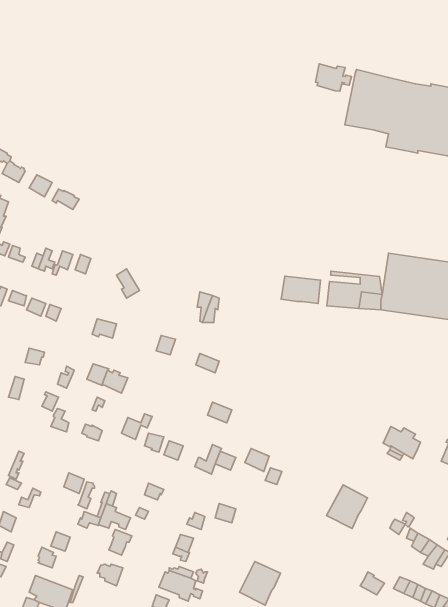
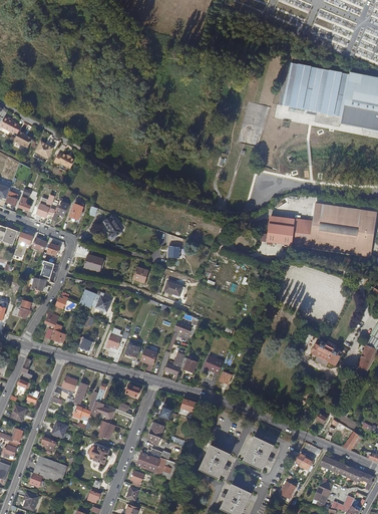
building: [315,64,351,91] -> none
building: [281,276,321,304] -> none
building: [326,485,367,528] -> [243,436,275,470]

